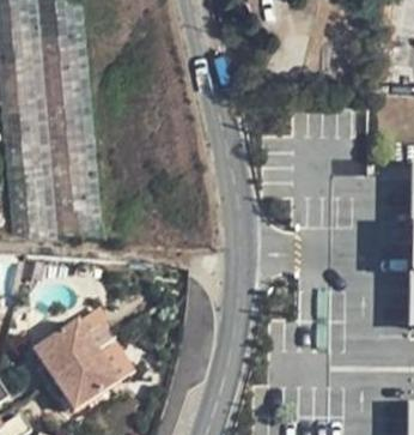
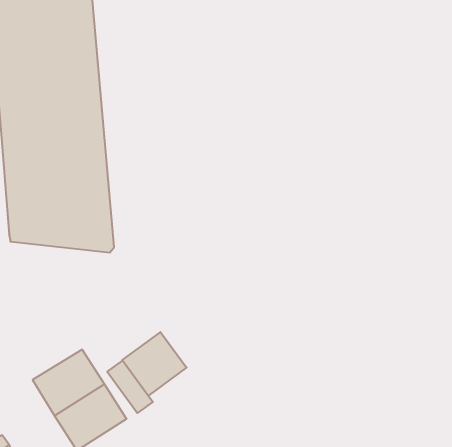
building: none -> [122,332,187,396]

